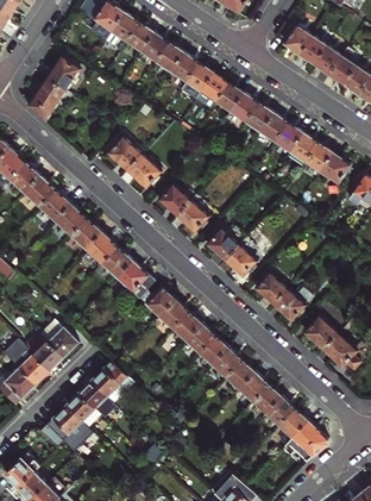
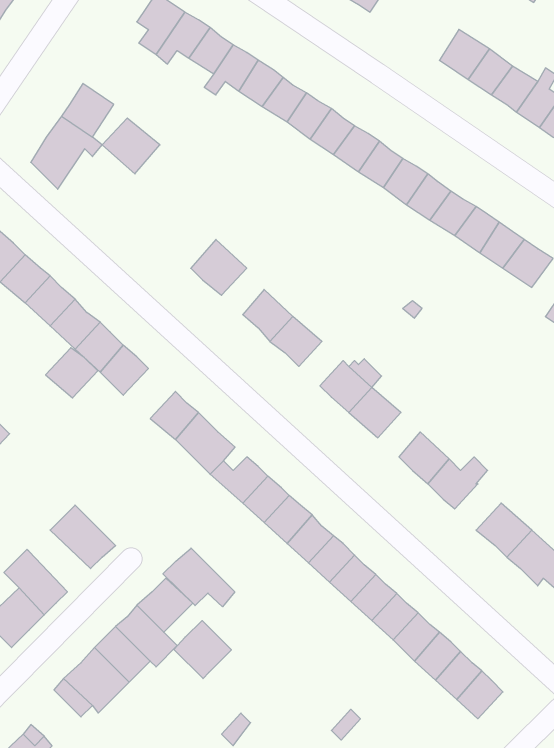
building: [106,136,142,170] -> [102,118,160,174]
building: [84,232,117,263] -> [46,348,98,398]
building: [26,332,64,370] -> none
building: none -> [163,548,235,607]
building: none -> [174,621,231,679]

